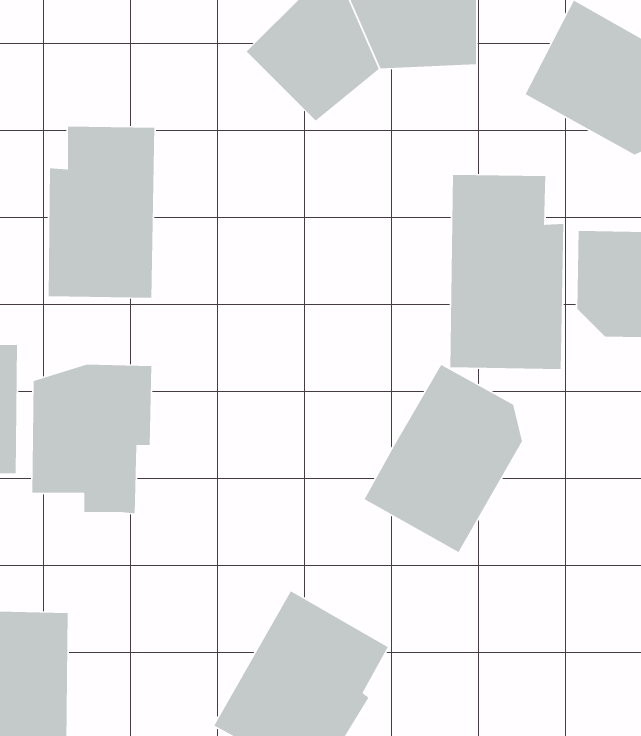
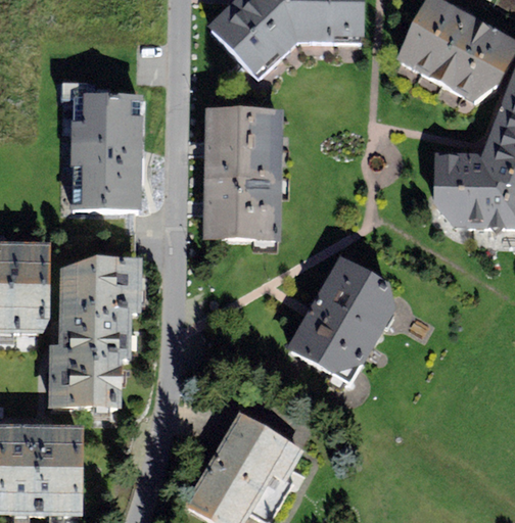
building: none -> [203,118,283,246]
building: [450,174,564,370] -> none
building: none -> [48,340,122,403]

